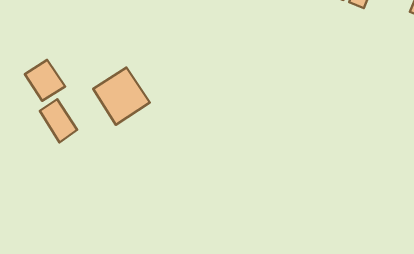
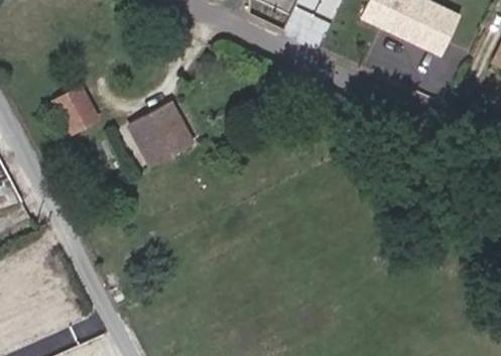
building: [40,99,77,142] -> none

